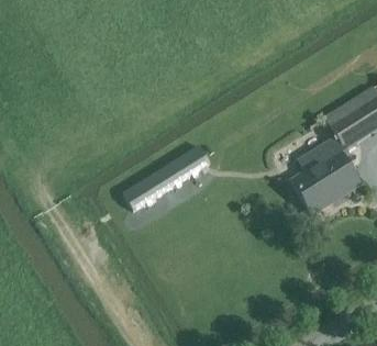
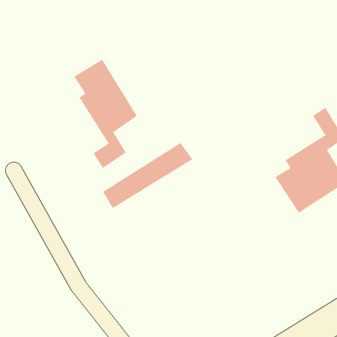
building: none -> [74,59,138,169]

